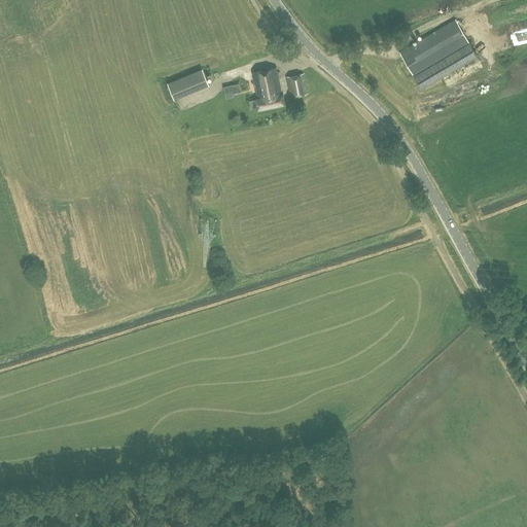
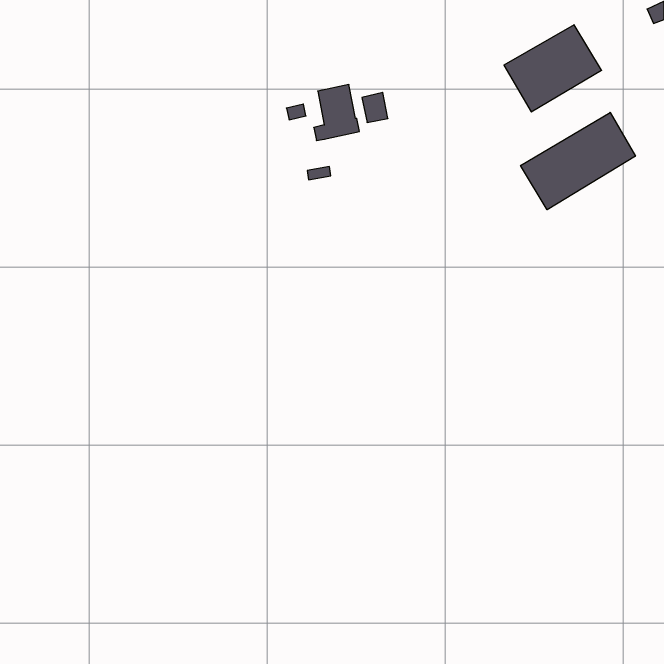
building: [170,68,210,96] -> none
building: none -> [521,112,635,210]

